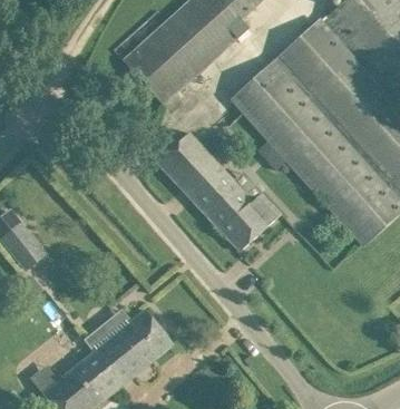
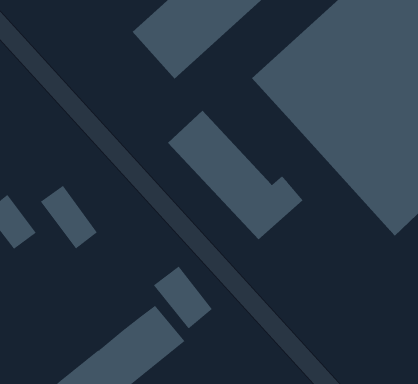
building: none -> [40,185,98,250]
building: none -> [153,265,213,329]

